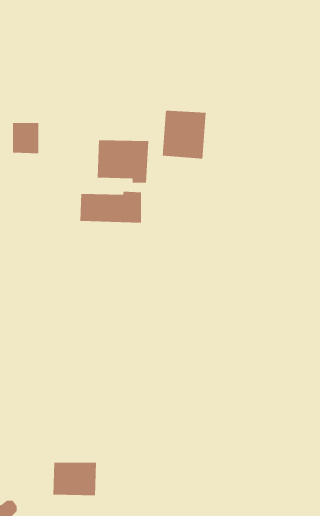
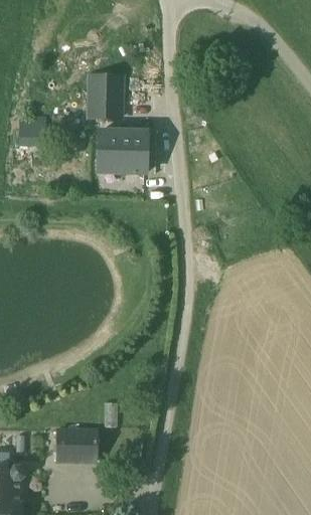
building: [162,110,206,159] -> [86,74,127,120]
building: [80,191,142,224] -> none

